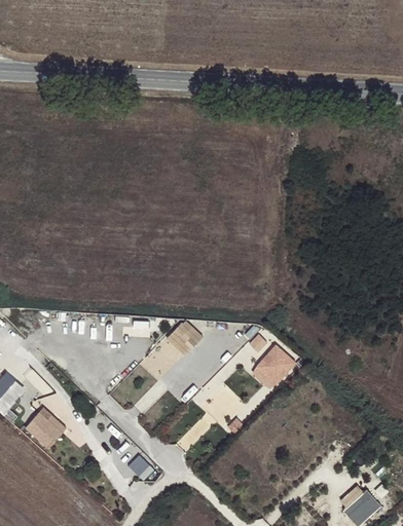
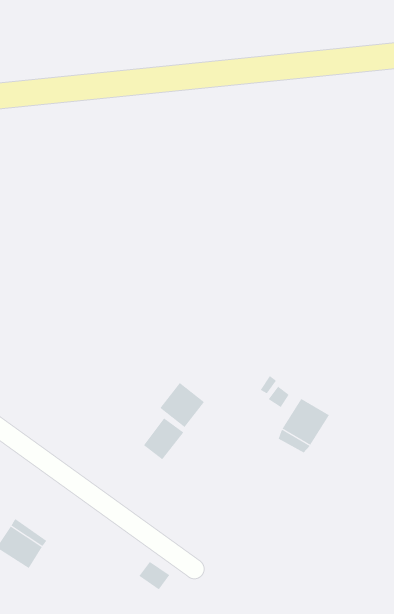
building: none -> [143,418,184,460]

